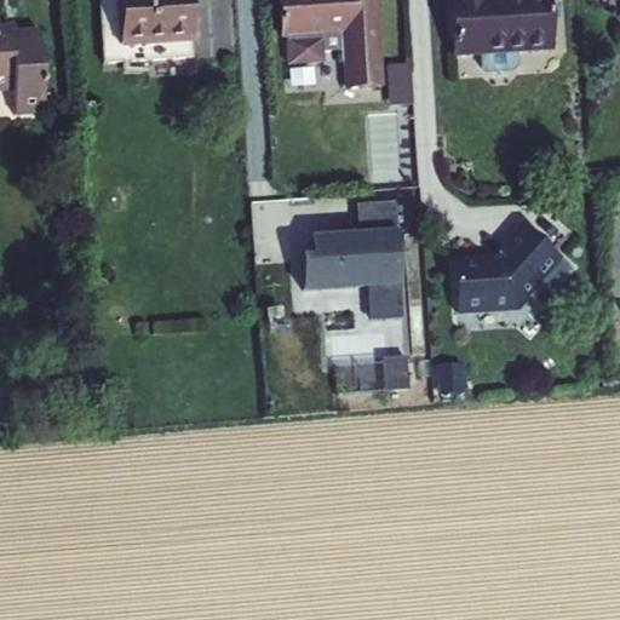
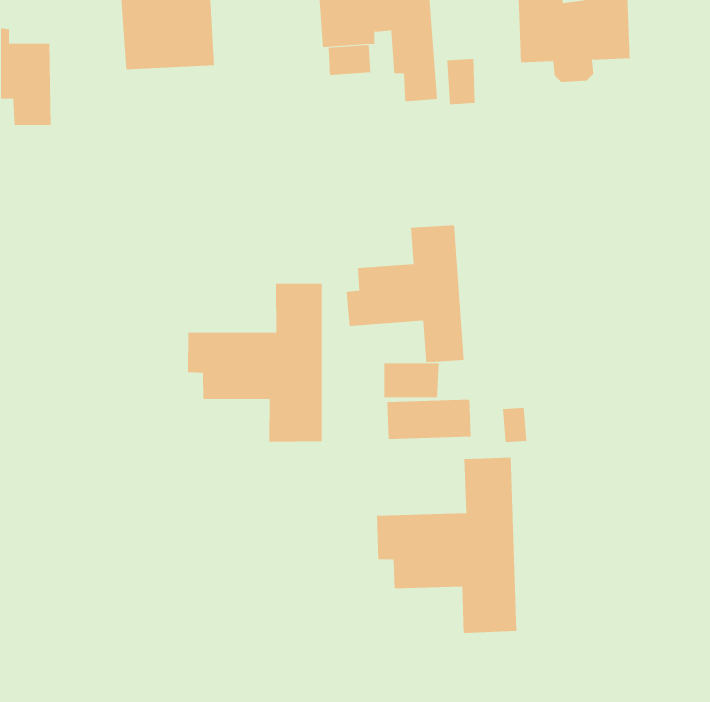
building: [455,223,573,311] -> none
building: none -> [187,283,322,442]
building: none -> [377,457,517,634]

